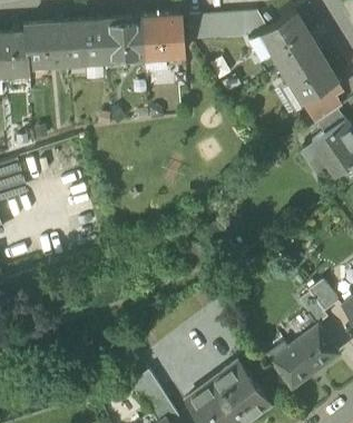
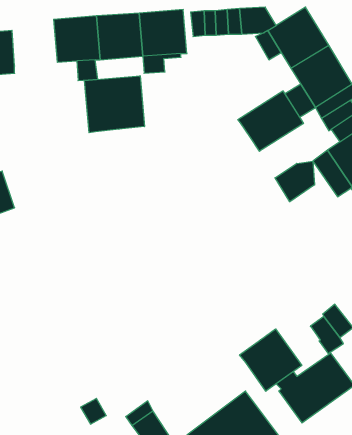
building: [26,21,67,63] -> none
building: none -> [84,76,144,133]
building: none -> [238,91,303,151]
building: none -> [275,161,315,202]
building: none -> [240,329,302,391]

